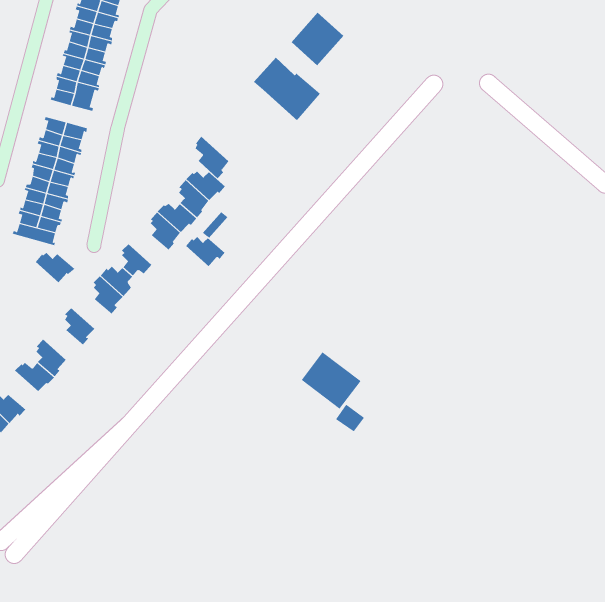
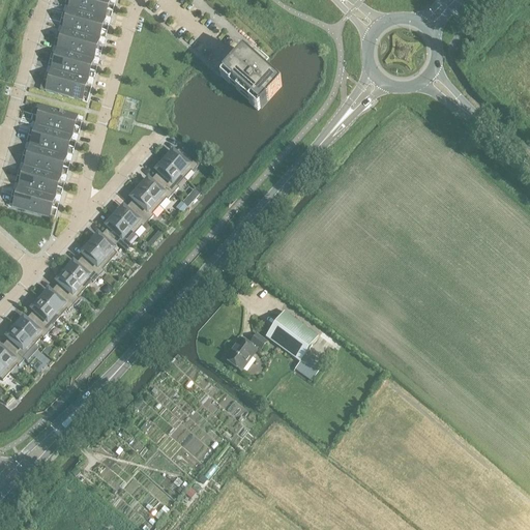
building: [291,12,344,66] -> none
building: [194,136,229,179] -> none
building: [185,236,226,267] -> [112,204,147,231]
building: [35,252,75,283] -> [62,260,97,287]
building: none -> [37,288,72,314]
building: none -> [5,323,33,357]
building: none -> [224,332,265,367]

